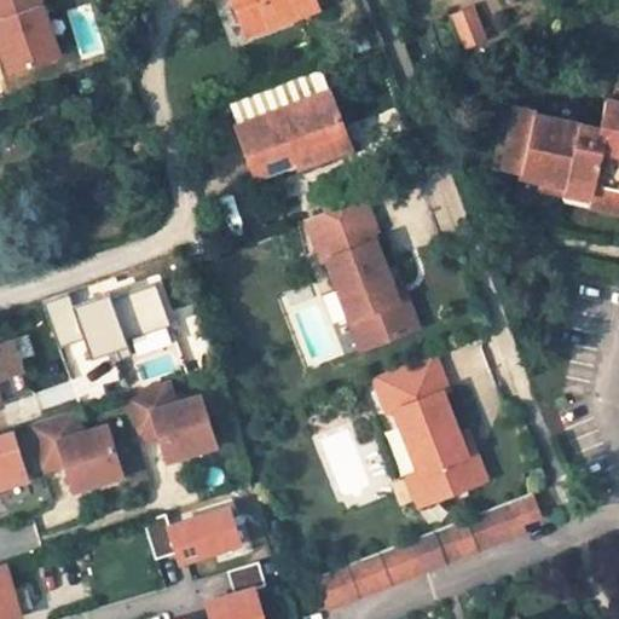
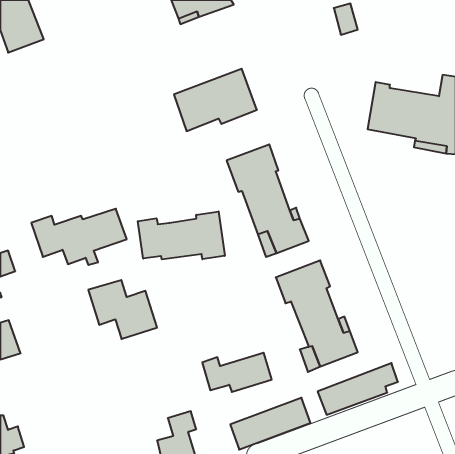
building: none -> [138,211,225,259]
building: [27,411,120,491] -> none
building: [145,508,239,561] -> [202,353,272,392]

